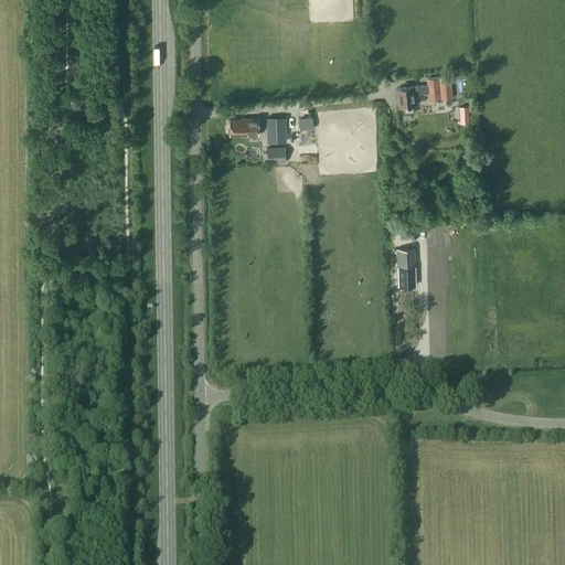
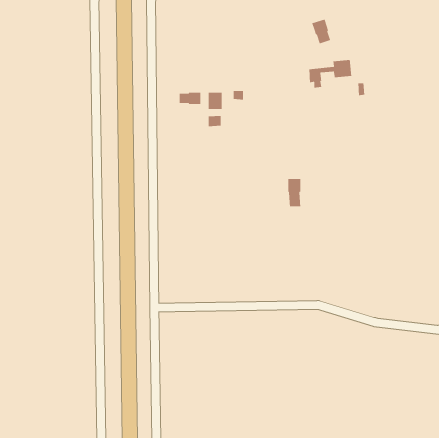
building: none -> [311,18,331,44]
building: [397,249,415,287] -> [287,178,301,207]

